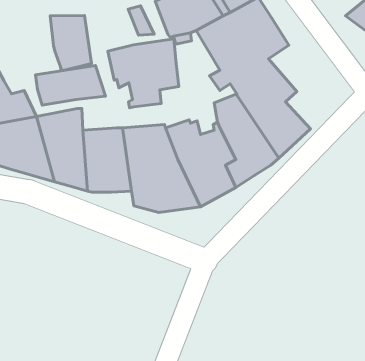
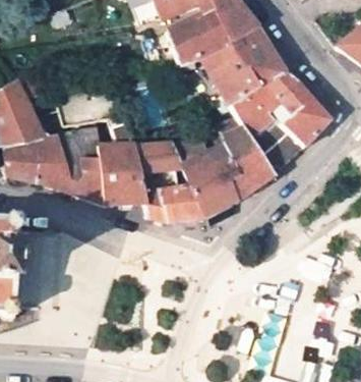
building: [50,16,92,70] -> none
building: [108,39,179,108] -> none
building: none -> [267,71,330,147]

